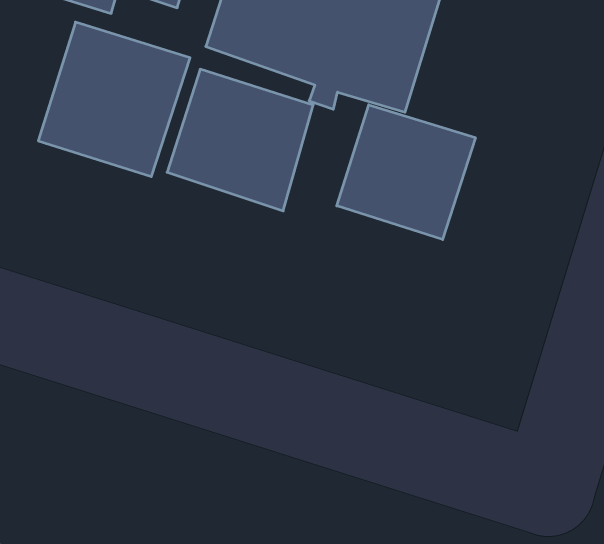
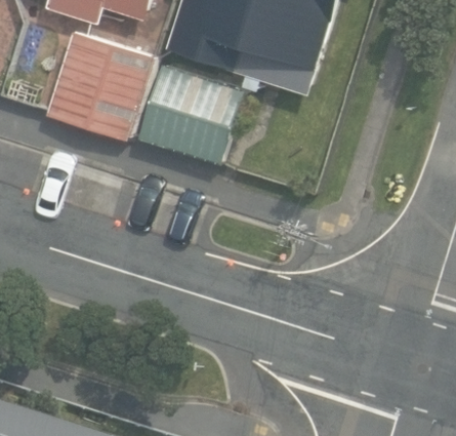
building: [337,105,475,240] -> none

